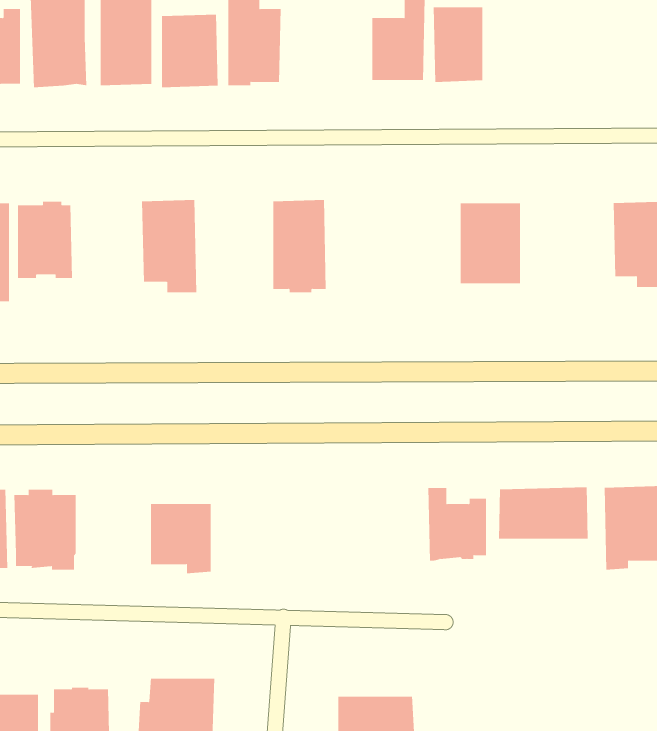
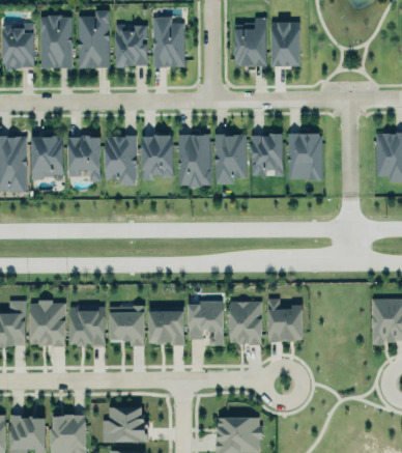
building: none -> [140,132,172,181]
building: none -> [212,132,245,186]
building: none -> [68,133,99,182]
building: none -> [251,136,283,178]
building: [499,487,588,539] -> none
building: none -> [189,301,224,345]
building: none -> [230,301,262,344]
building: none -> [149,306,184,344]
building: none -> [69,307,105,348]

